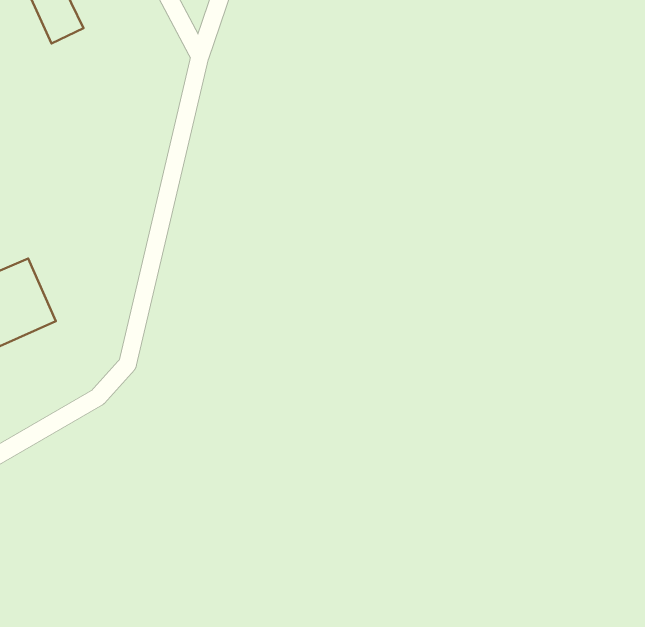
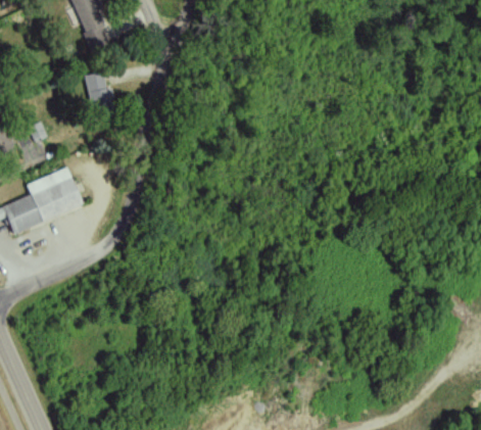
building: none -> [84,71,114,109]

